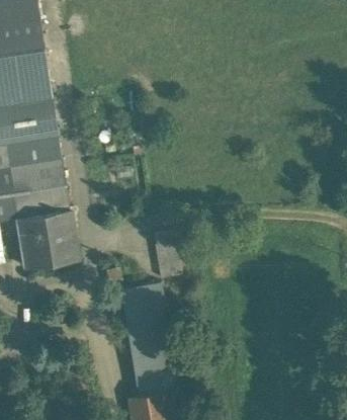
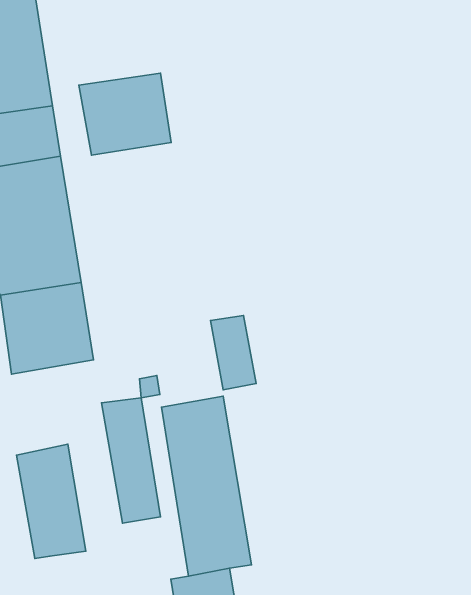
building: none -> [79,73,171,155]
building: none -> [101,398,161,523]
building: none -> [17,444,86,558]

